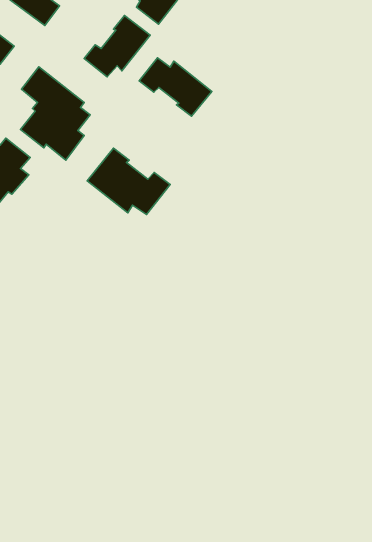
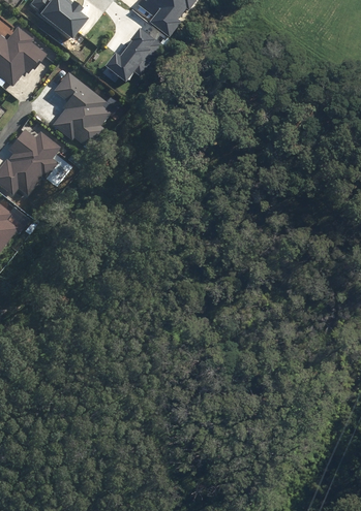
building: [139,58,212,116] -> none
building: [87,148,170,215] -> none

